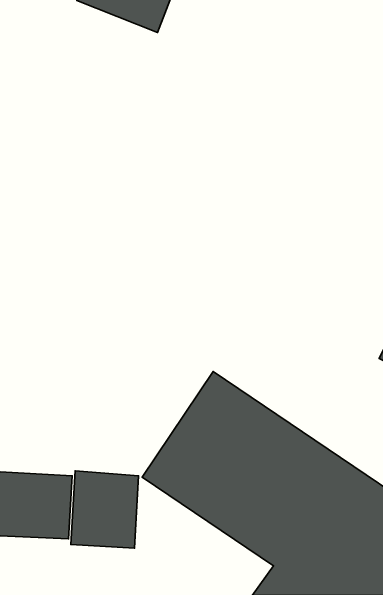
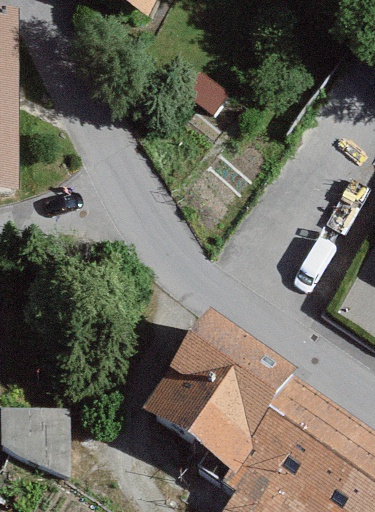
building: [71,471,138,548] -> none

